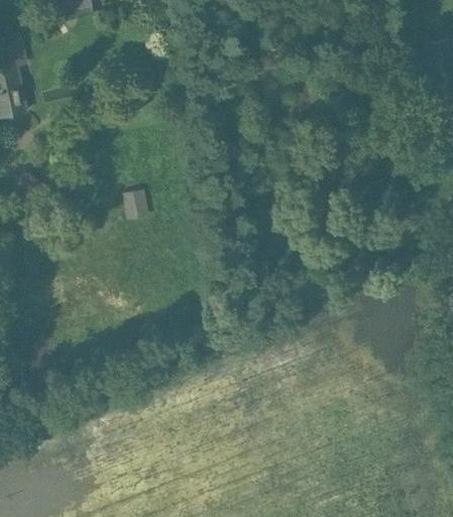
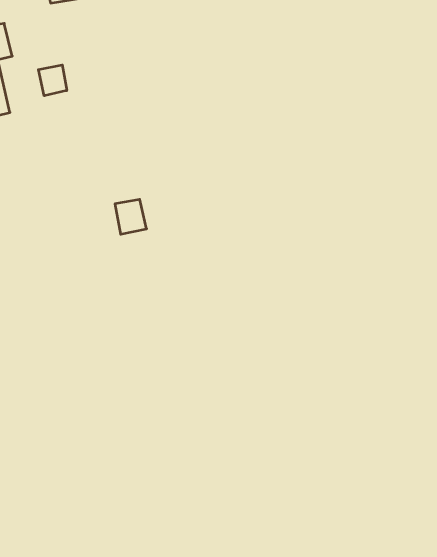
building: none -> [38,65,67,96]

